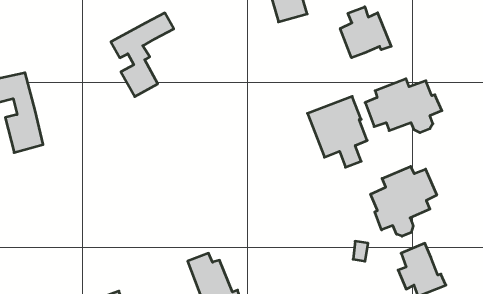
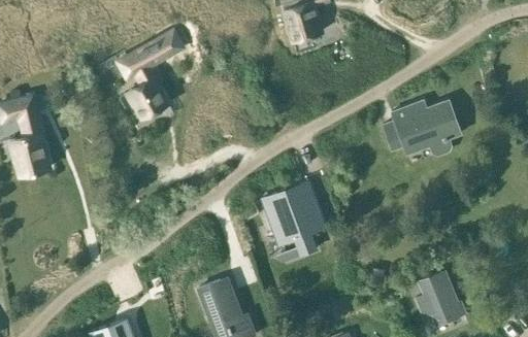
building: [340,7,391,58] -> none
building: [307,96,367,167] -> [262,182,324,256]
building: [371,166,437,236] -> none

